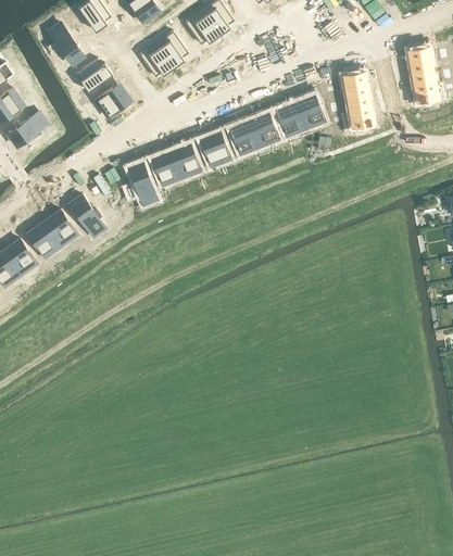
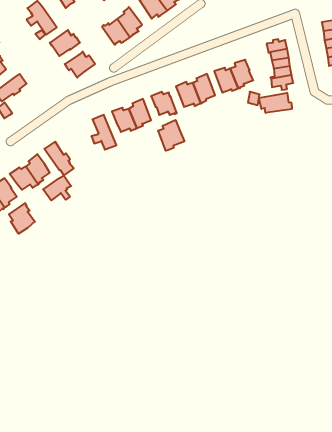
building: none -> [259,93,292,113]
building: none -> [158,120,184,151]
building: none -> [43,176,71,200]
building: none -> [9,203,35,234]

